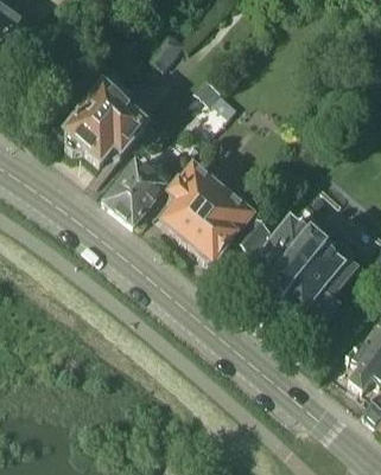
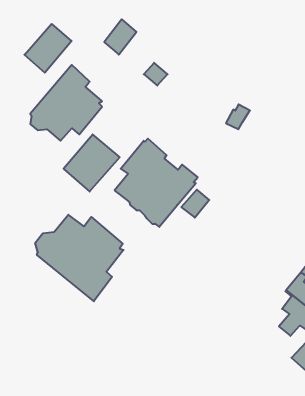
building: none -> [24,24,72,73]
building: [249,217,361,320] -> none
building: none -> [35,215,124,301]

